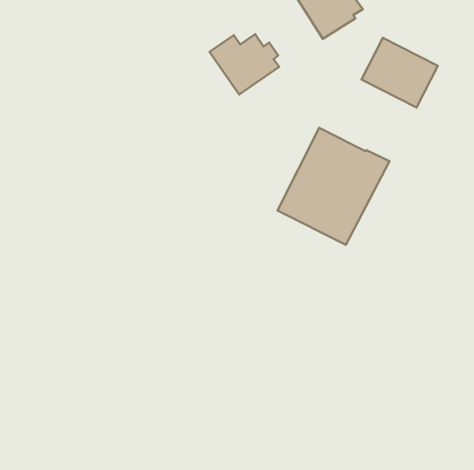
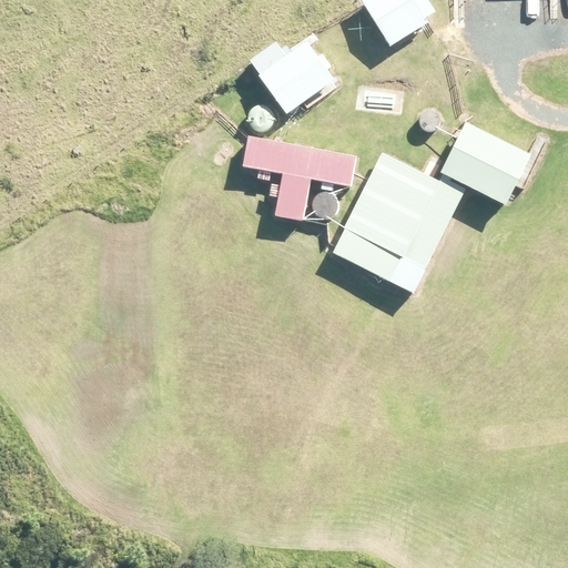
building: [362,38,438,107] -> [440,122,531,205]
building: none -> [243,138,357,220]

